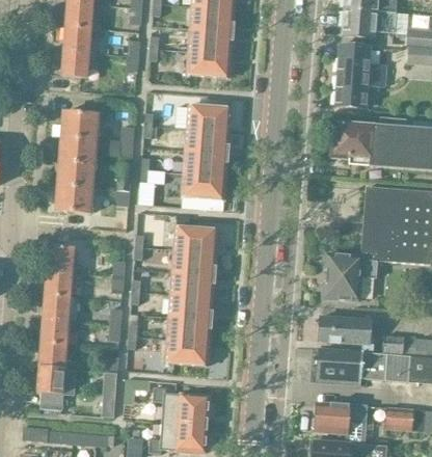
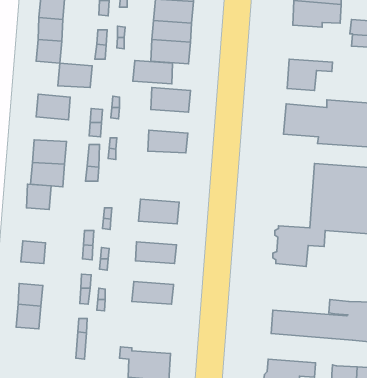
building: [339,44,387,76] -> none
building: [185,128,228,154] -> [133,60,173,84]
building: [59,136,97,163] -> [58,63,92,88]
building: [182,173,225,199] -> none
building: [47,246,74,274] -> [26,184,51,210]
building: [171,250,216,276] -> none
building: [168,294,213,320] -> none
building: [43,295,70,321] -> none
building: [319,316,375,350] -> none
building: [165,339,210,367] -> none
building: [37,367,76,410] -> none

